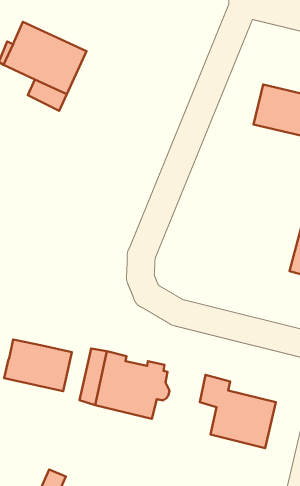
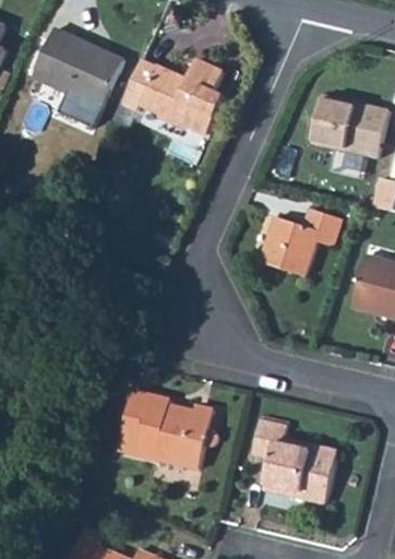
building: none -> [123,59,225,134]
building: none -> [263,207,342,275]
building: [4,339,72,391] -> none

